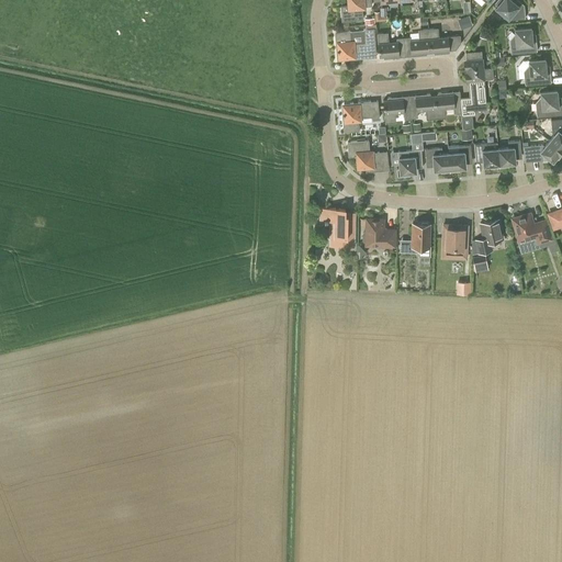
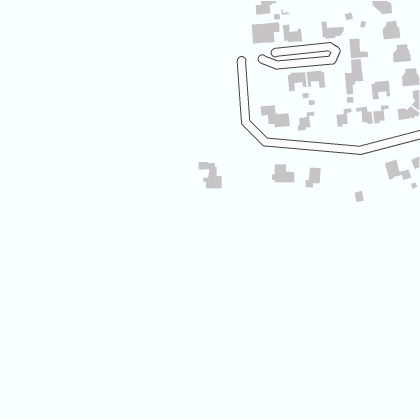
building: [403,30,430,57] -> none
building: [434,91,461,119] -> [371,80,391,100]
building: [341,101,379,133] -> none
building: [425,148,450,172] -> none
building: [321,209,353,246] -> [198,161,222,189]
building: [475,220,503,254] -> none
building: [441,225,468,260] -> none

